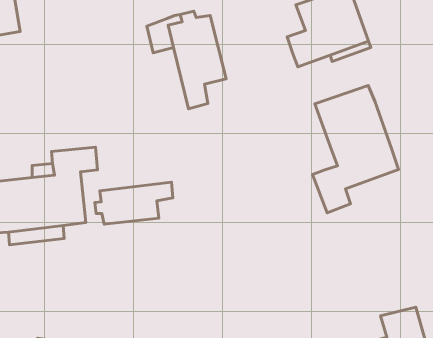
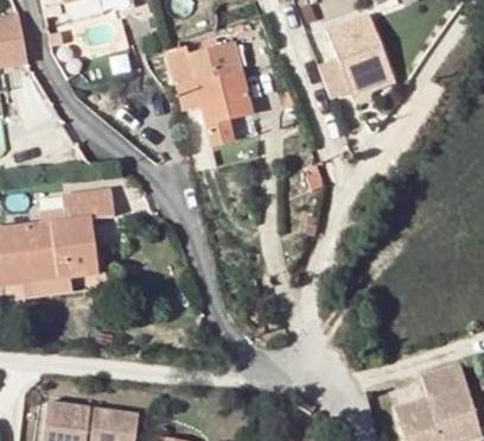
building: [313,86,398,213] -> none
building: [95,182,173,224] -> none

